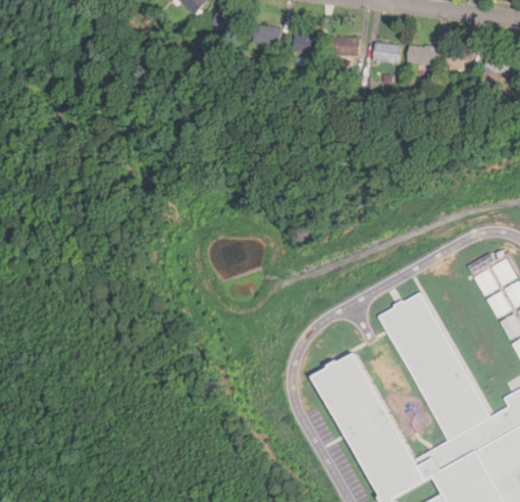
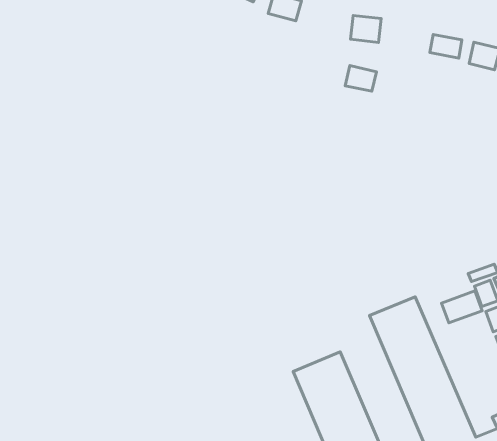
building: [295,35,316,53] -> none
building: [373,43,401,64] -> [345,66,376,91]
building: none -> [441,291,482,323]

